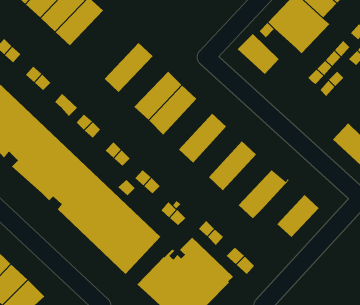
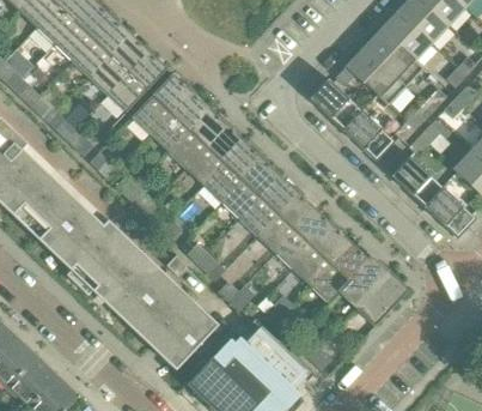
building: none -> [108,52,166,113]
building: none -> [130,73,190,134]
building: none -> [166,107,226,168]
building: none -> [342,110,393,162]
building: none -> [390,156,443,207]
building: none -> [220,158,279,219]
building: none -> [256,192,315,253]
building: none -> [292,225,350,286]
building: none -> [338,256,390,309]

